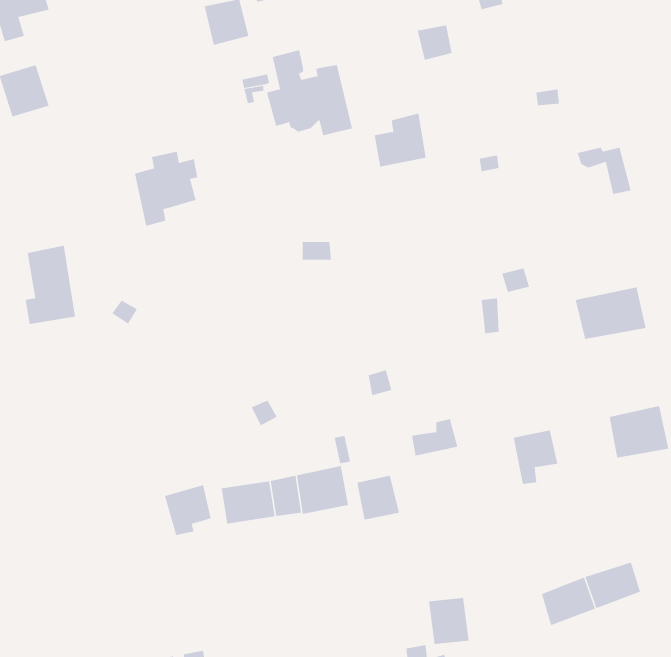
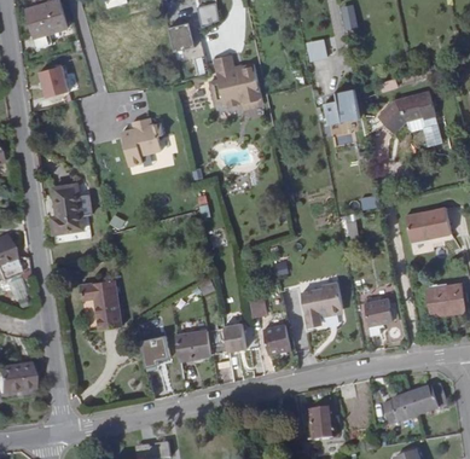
building: none -> [379,92,434,132]
building: [374,113,427,167] -> [325,87,359,122]
building: none -> [81,280,122,330]

